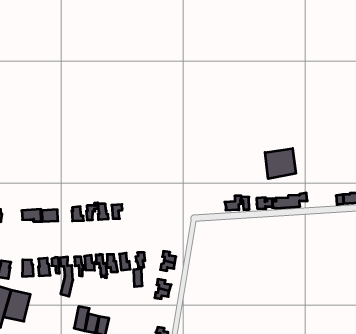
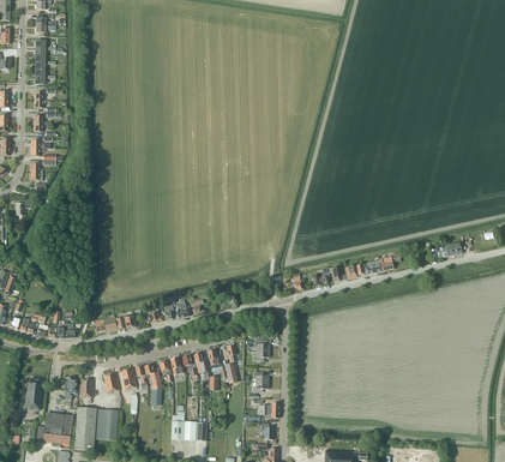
building: [265,148,296,179] -> none

